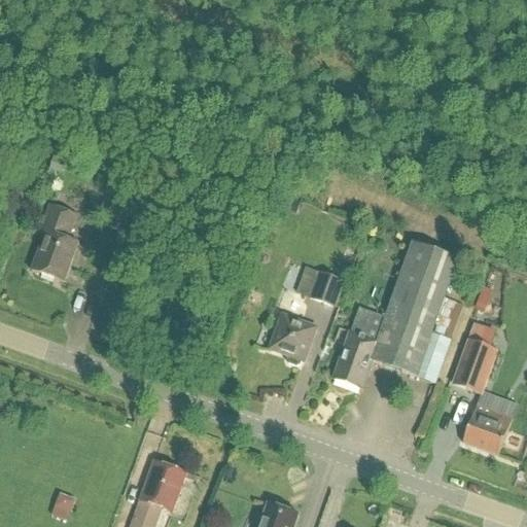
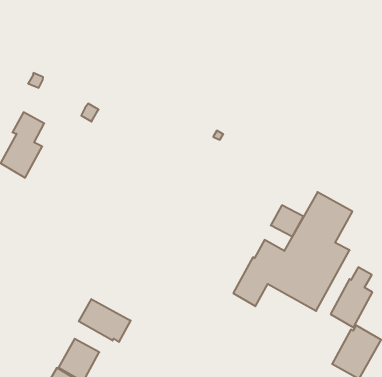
building: [308,270,345,305] -> [271,205,303,237]
building: [270,312,316,363] -> none
building: none -> [79,299,131,342]

